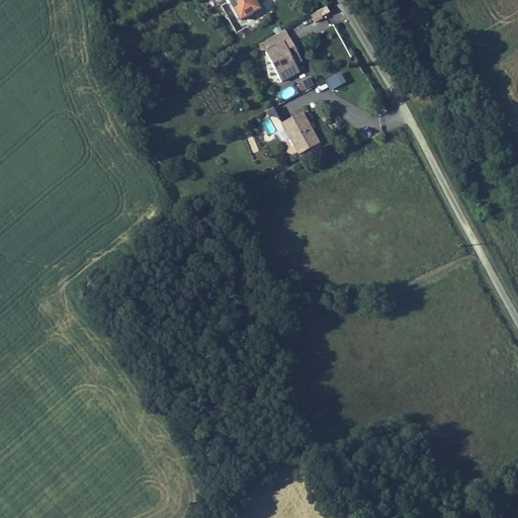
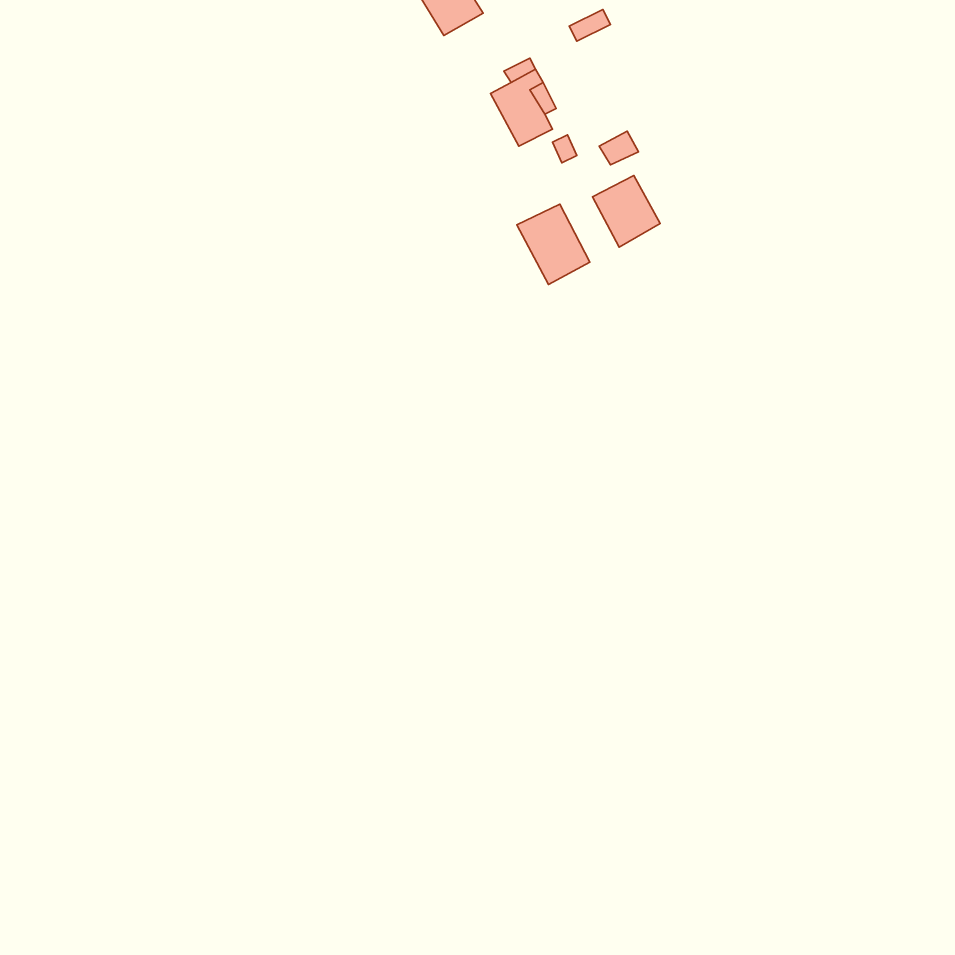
building: none -> [593,175,660,247]

